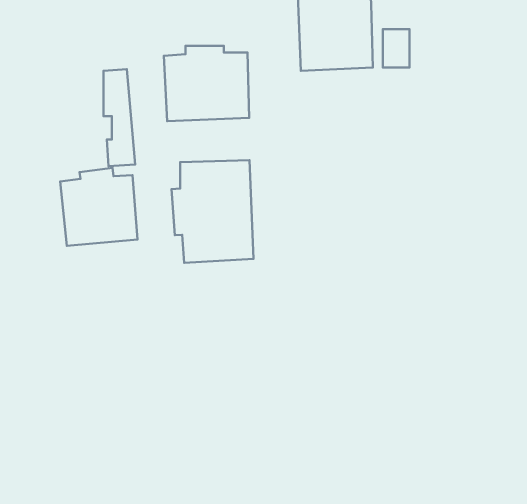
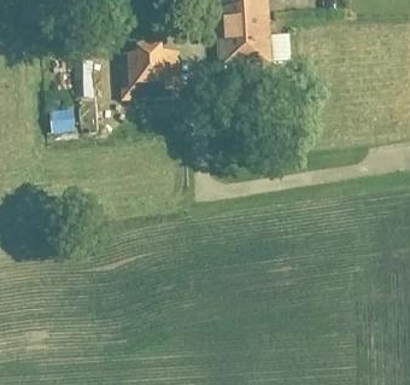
building: [171,160,253,263] -> none
building: [60,168,138,246] -> none

